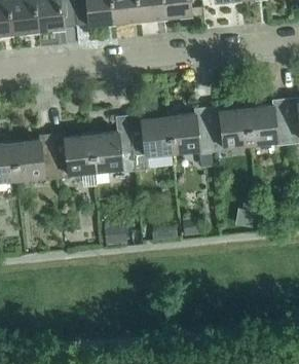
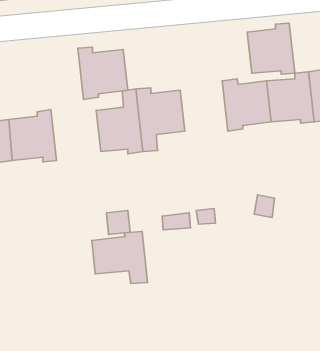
building: [170,108,213,154] -> [247,23,295,74]
building: [52,133,98,180] -> [78,47,128,99]
building: none -> [92,232,148,283]

